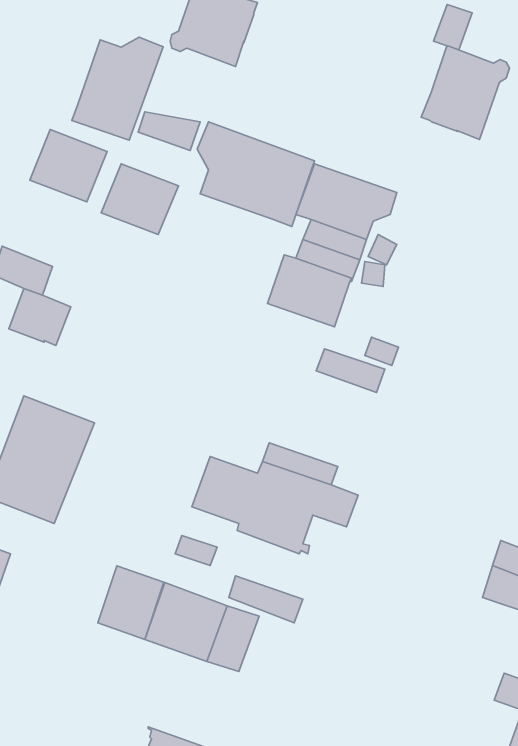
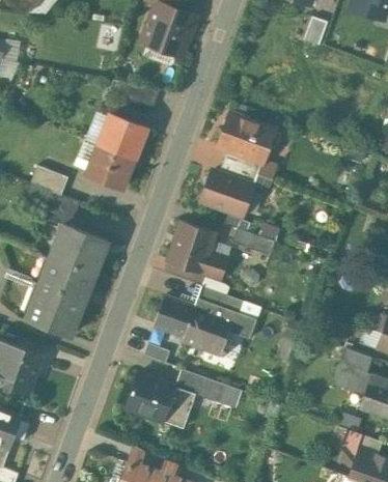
building: [72,37,163,140] -> none
building: [421,46,510,139] -> none
building: [197,122,315,227] -> none
building: [30,130,107,202] -> [85,145,133,190]
building: none -> [167,222,227,280]
building: none -> [50,224,106,275]
building: [98,566,164,639] -> none

